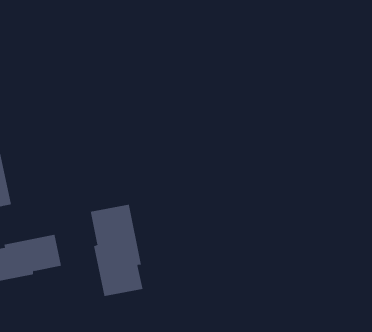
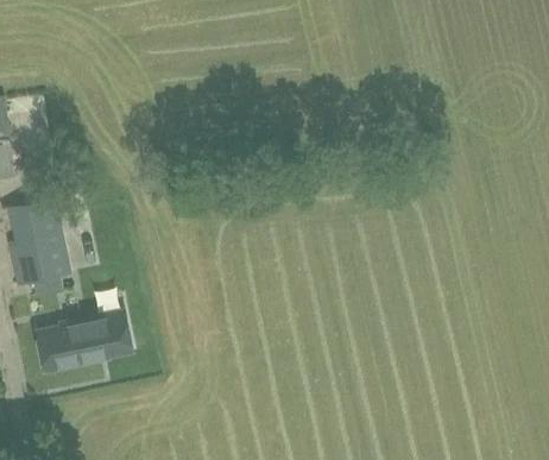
building: [90,204,143,297] -> none

